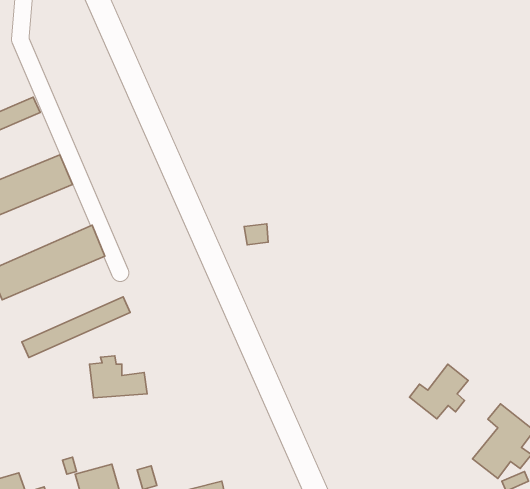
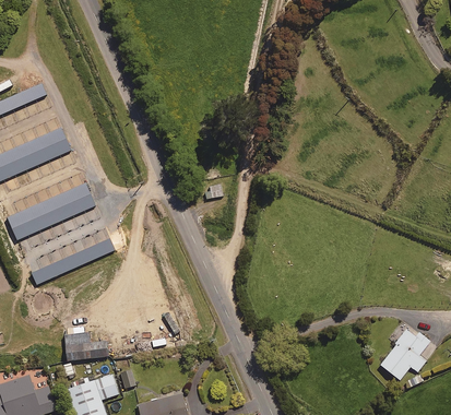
building: [89,356,147,398] -> [63,327,108,359]
building: [409,364,468,419] -> none

